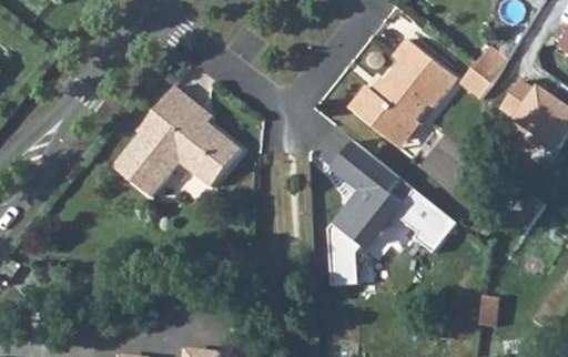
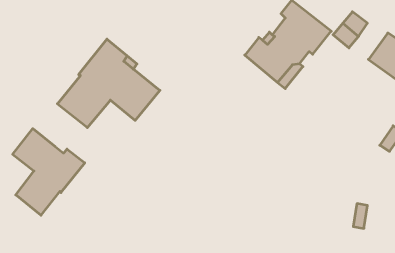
building: [329,139,458,283] -> none
building: none -> [13,129,85,215]

